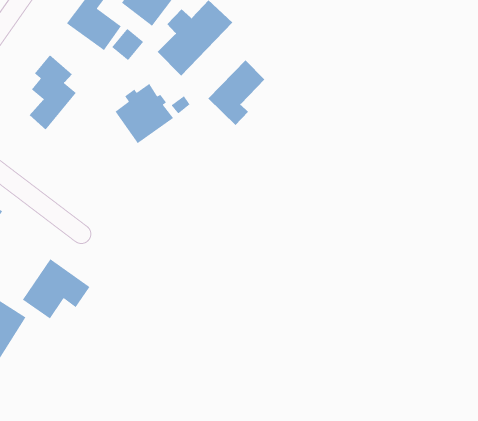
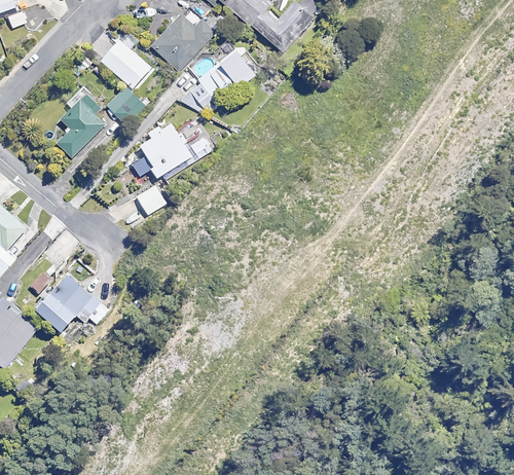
building: [111,28,144,61] -> [109,87,140,118]
building: [207,60,265,126] -> none
building: none -> [137,186,166,215]

